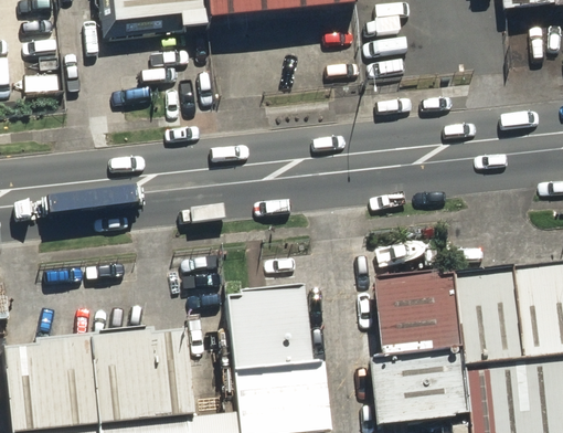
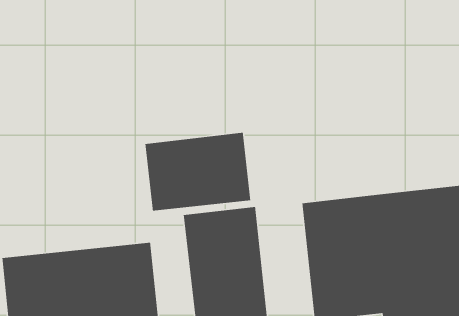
building: none -> [144,132,251,212]

